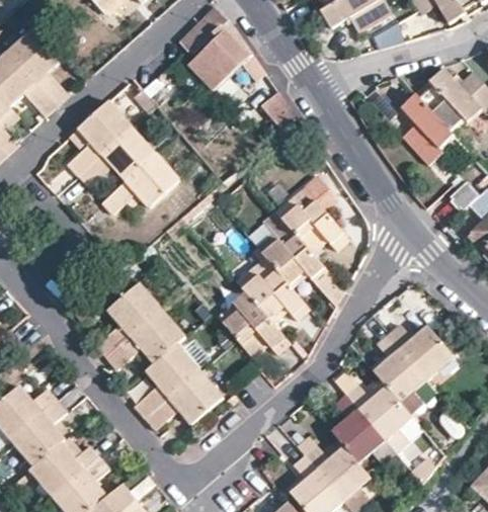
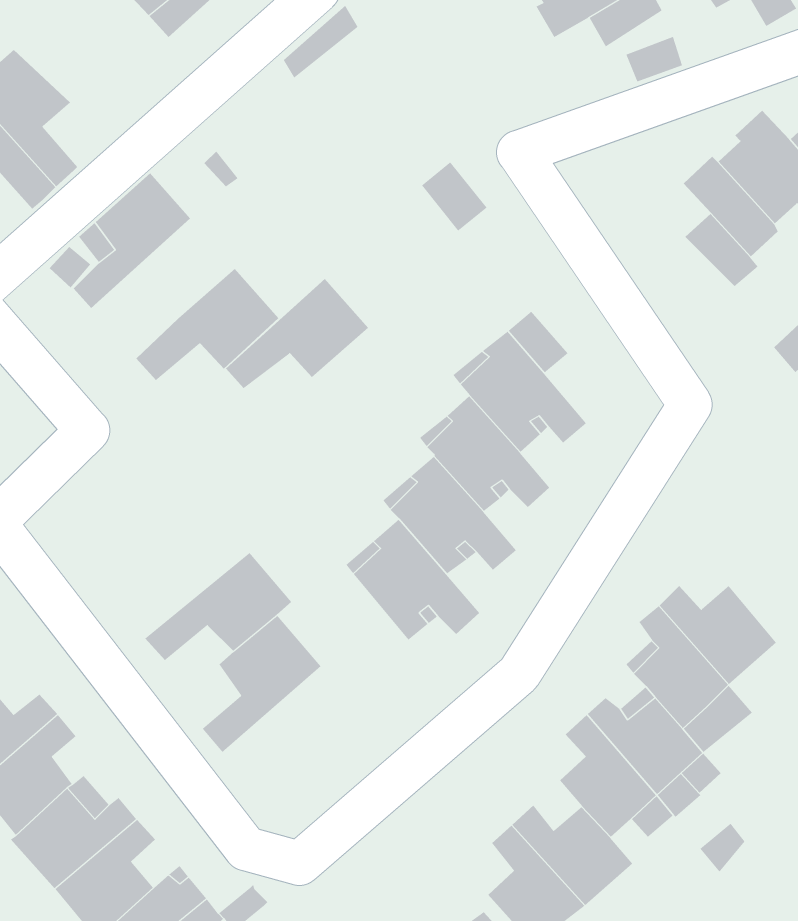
building: [184,20,263,88] -> none
building: [75,125,154,186] -> [225,278,369,389]
building: [95,282,162,356] -> none
building: [147,371,224,430] -> none

